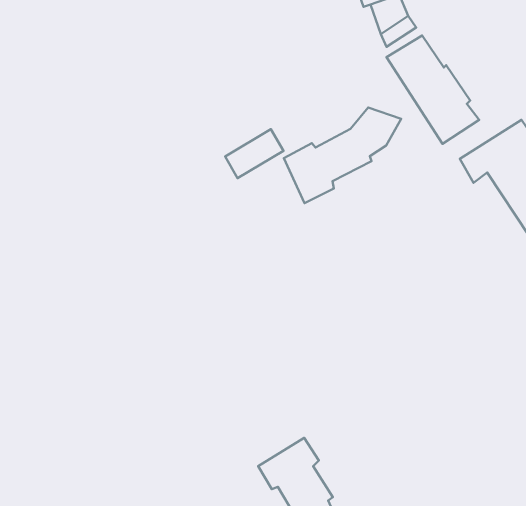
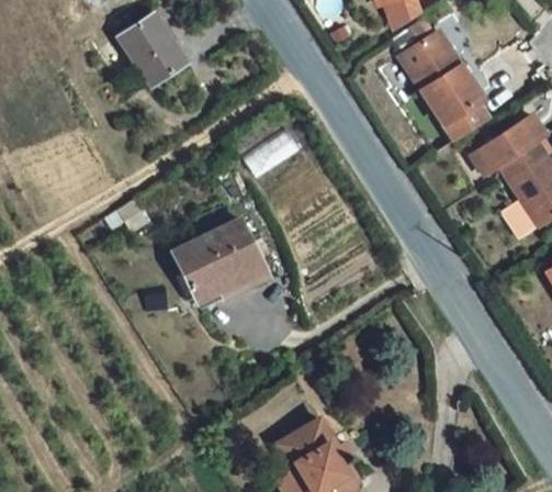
building: none -> [122,13,185,83]
building: [284,107,401,203] -> none
building: none -> [187,221,273,303]

